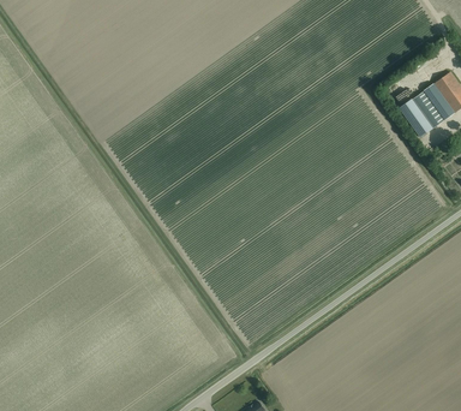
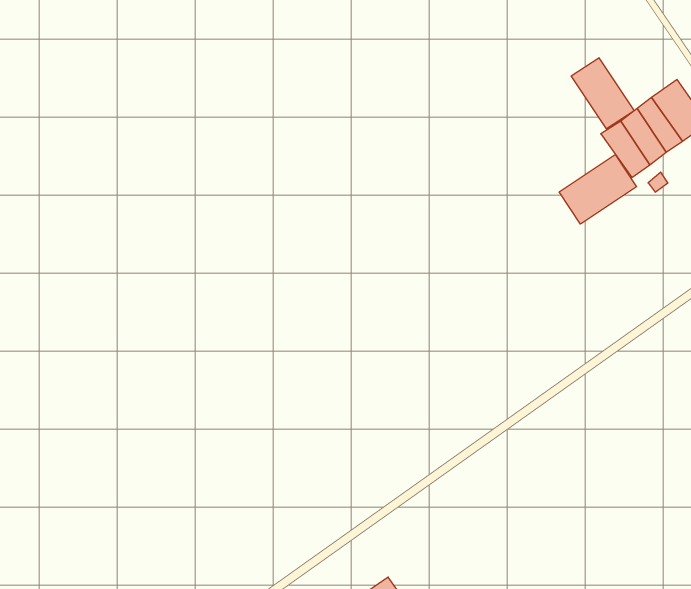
building: none -> [571,58,634,129]
building: none -> [559,154,637,224]

